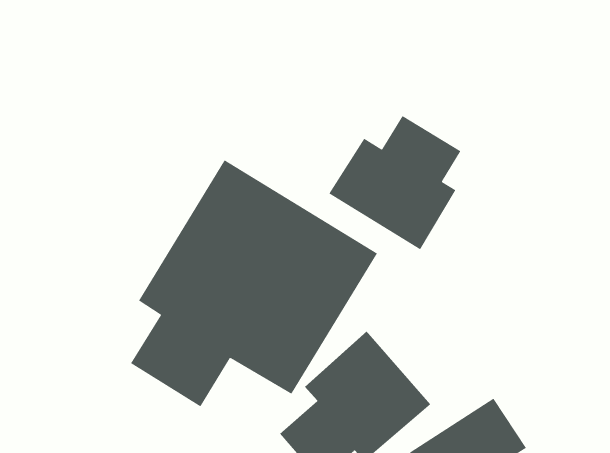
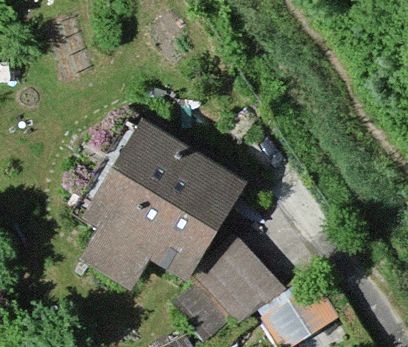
building: [328,115,461,250] -> none

